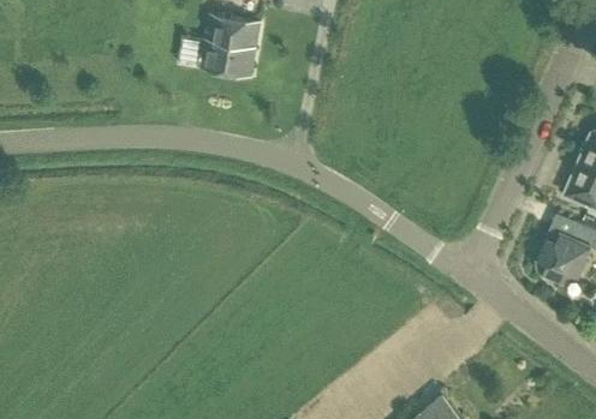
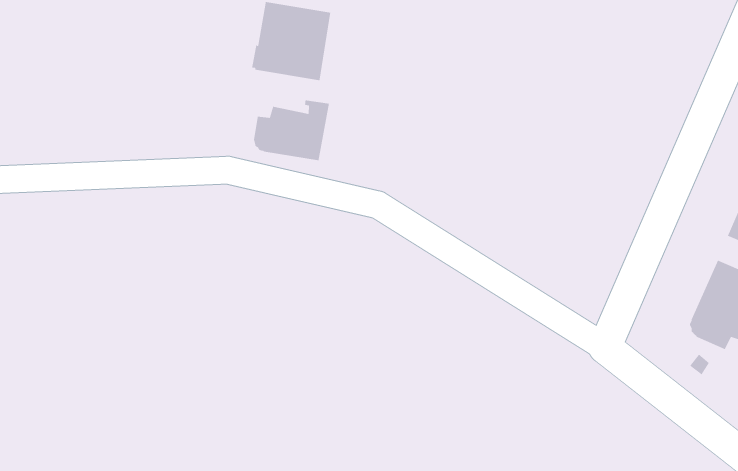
building: none -> [253,100,330,161]

